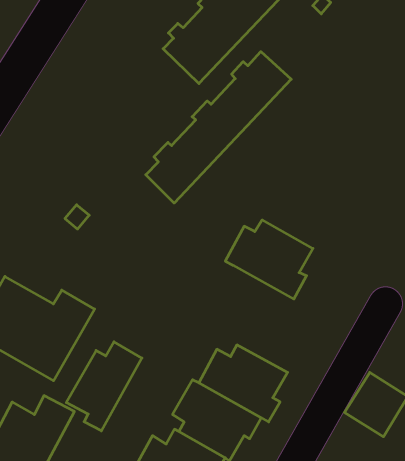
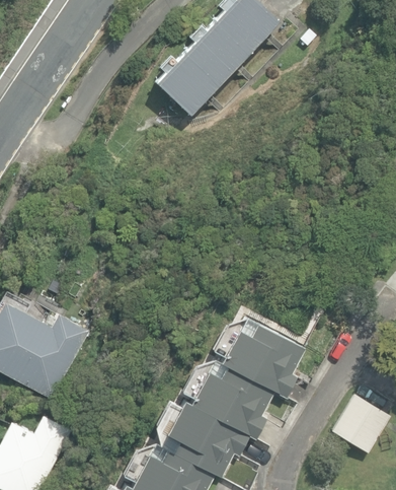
building: [146,52,291,203] -> none
building: [225,220,313,299] -> [221,323,305,399]
building: [66,342,142,431] -> none

